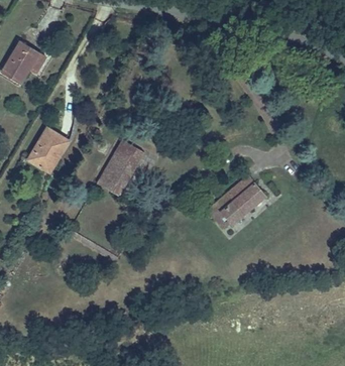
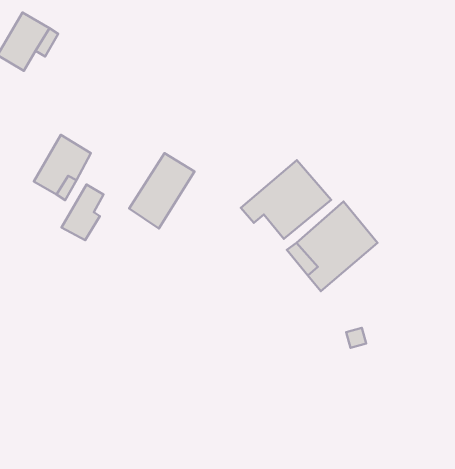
building: none -> [241,160,331,239]
building: none -> [62,185,103,240]

